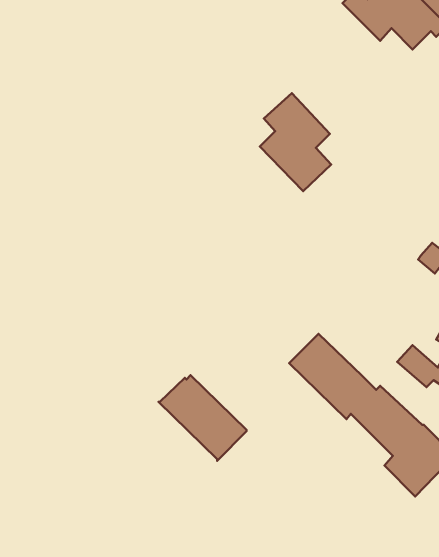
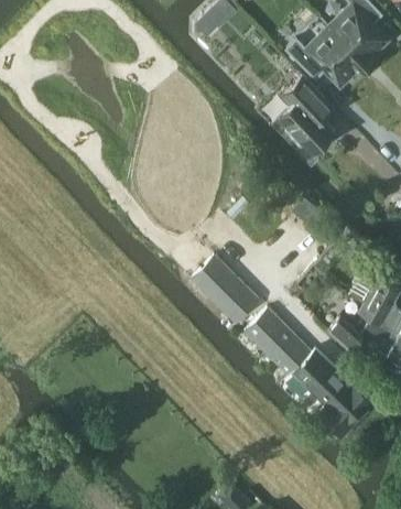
building: [260,93,331,191] -> [279,76,335,153]
building: [158,375,247,461] -> [191,258,260,325]

